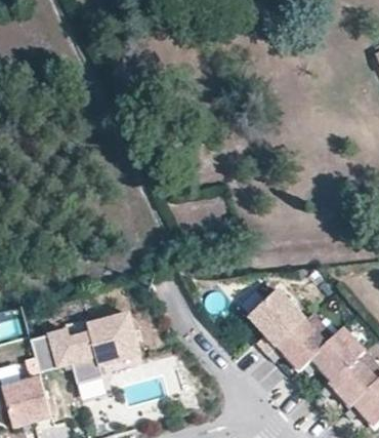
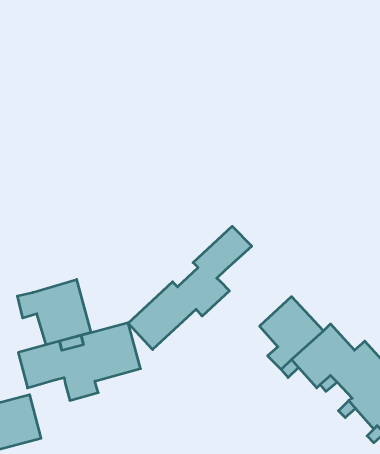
building: none -> [128,226,252,350]
building: none -> [17,279,91,345]

